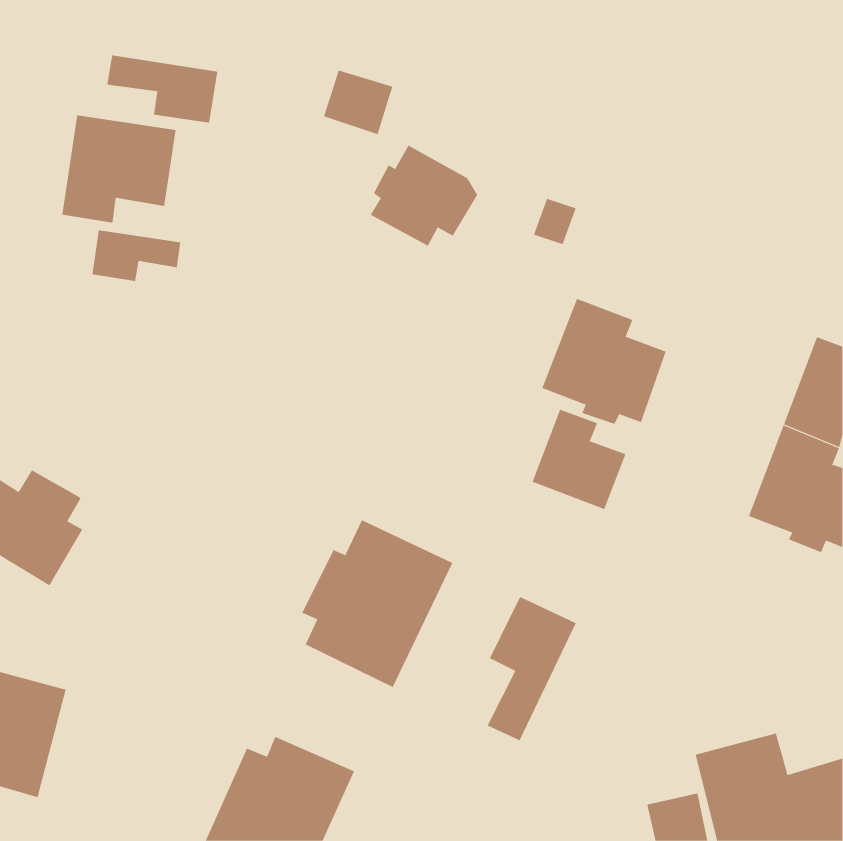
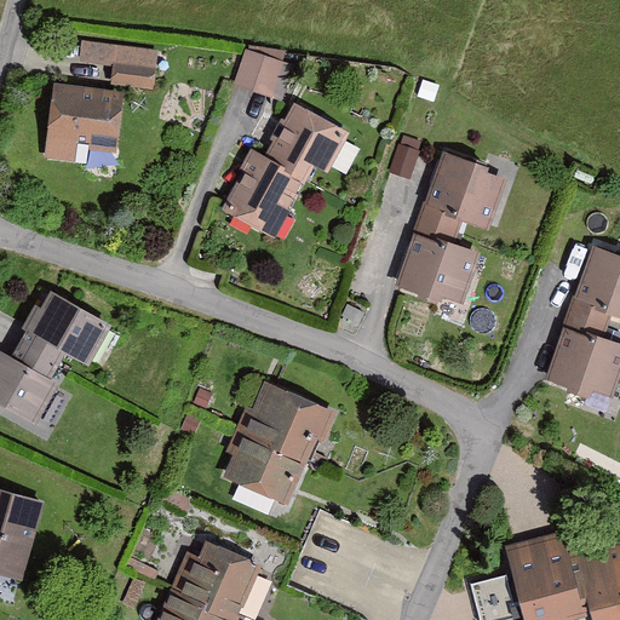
building: none -> [228,147,312,242]
building: none -> [419,153,511,234]
building: [92,230,181,282] -> none
building: none -> [19,291,114,364]
building: [532,409,626,510] -> none
building: [487,596,577,741] -> none

